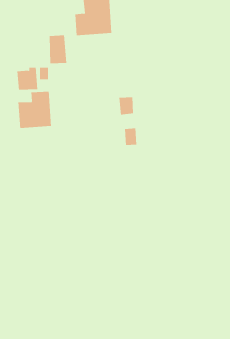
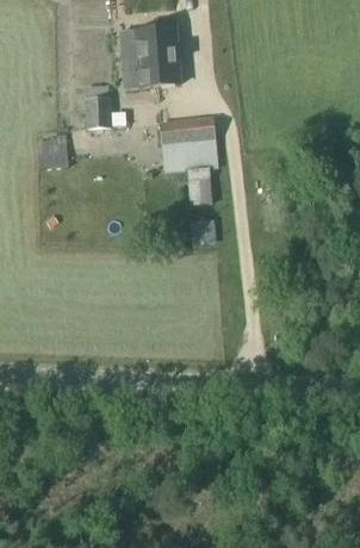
building: none -> [159,114,218,173]
building: [18,91,51,129] -> none

